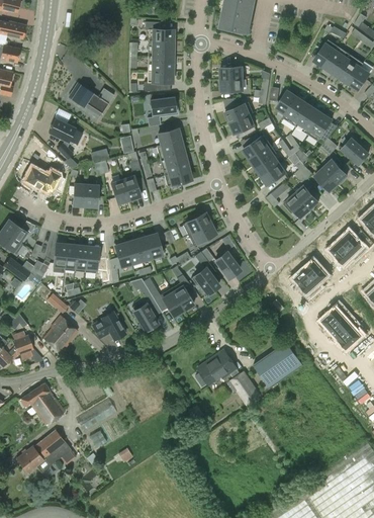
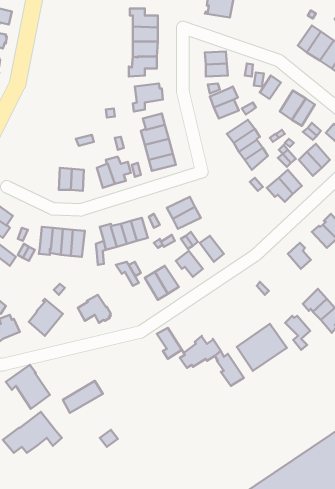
building: [69,84,113,114] -> none
building: [283,97,309,126] -> none
building: [52,118,83,159] -> none
building: [26,167,66,192] -> none
building: [292,270,317,305] -> [285,316,310,350]
building: [131,300,157,332] -> [157,328,182,359]

